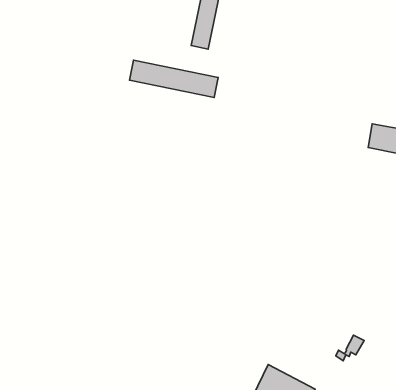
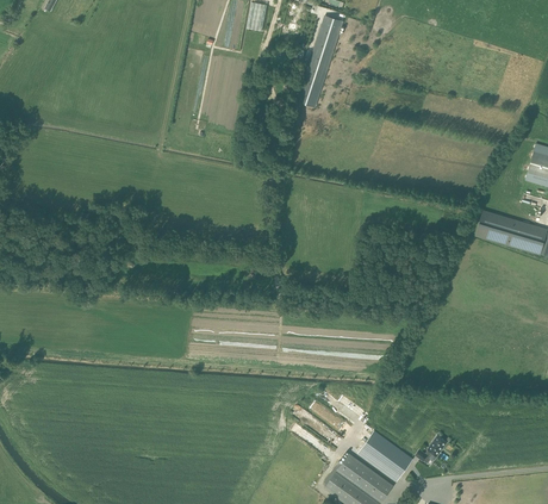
building: [130,60,218,98] -> none
building: none -> [362,430,413,475]

